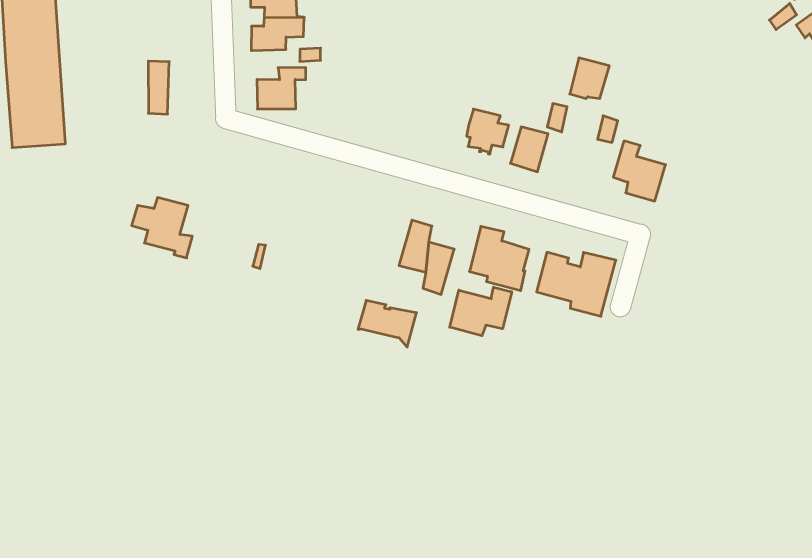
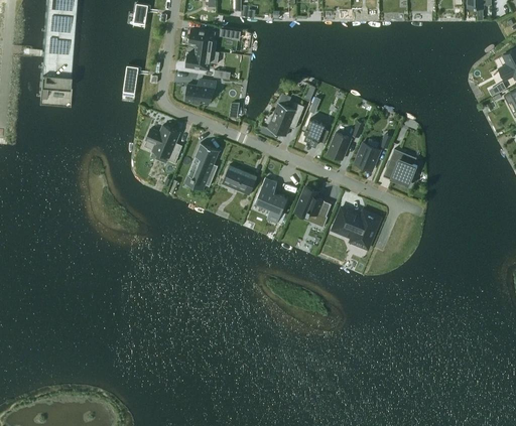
building: [570,58,609,99] -> [354,144,379,169]
building: none -> [267,102,303,136]
building: none -> [191,143,219,186]
building: [132,198,192,258] -> [145,126,179,163]
building: [450,287,512,336] -> none
building: [358,300,417,347] -> [222,165,257,195]

